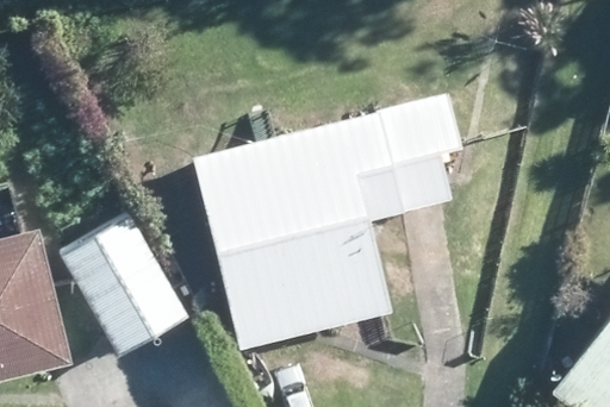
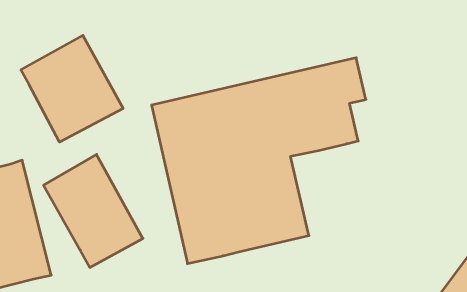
building: none -> [21,35,123,142]

